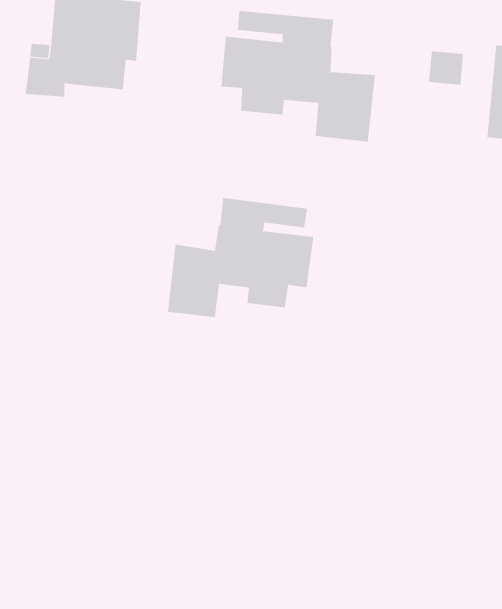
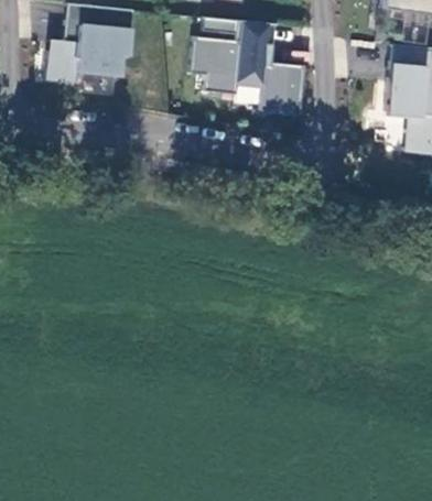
building: [167,197,314,318] -> none

